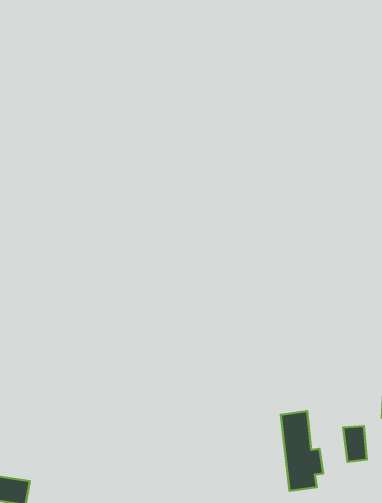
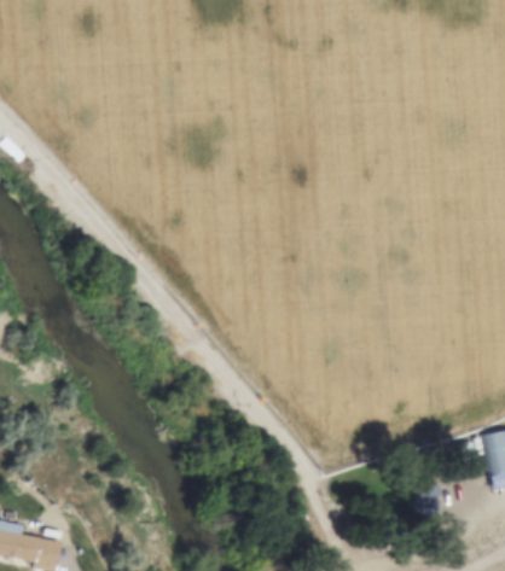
building: [281,411,323,491] -> none

